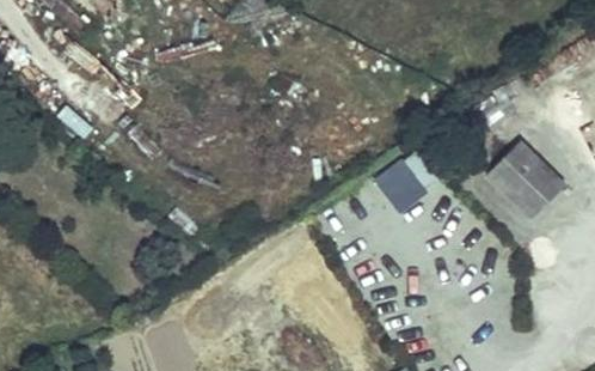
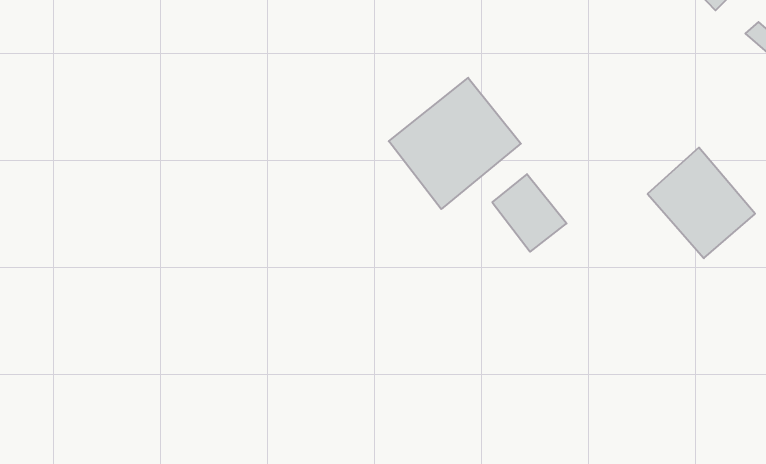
building: none -> [389,78,521,209]

